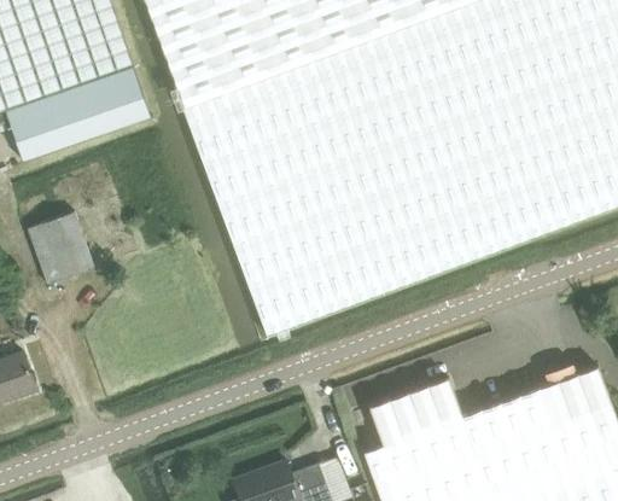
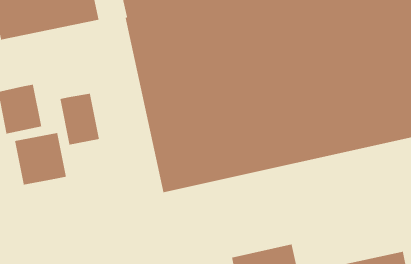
building: none -> [59,93,100,145]
building: none -> [14,132,67,185]

